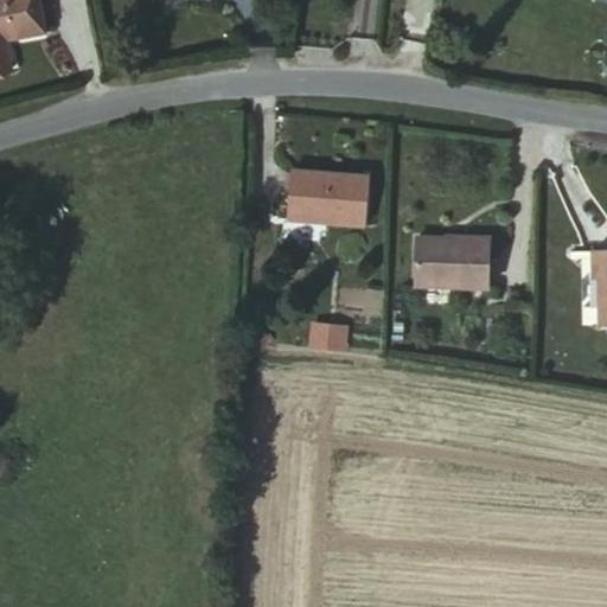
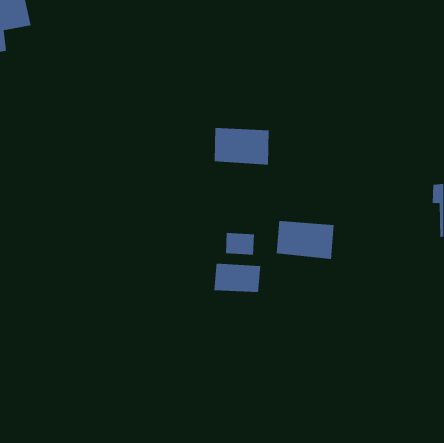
building: [415,237,494,290] -> [276,220,334,260]
building: none -> [214,263,261,293]

